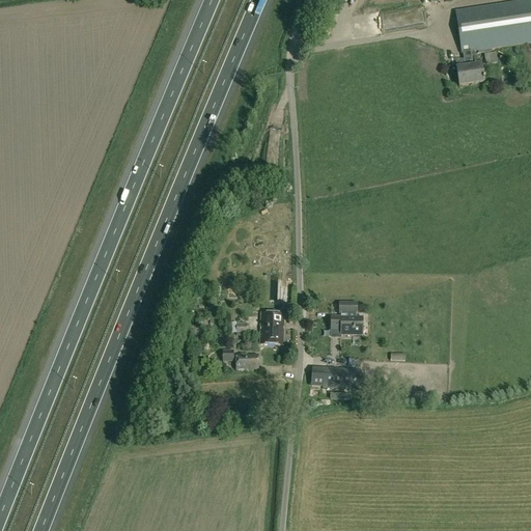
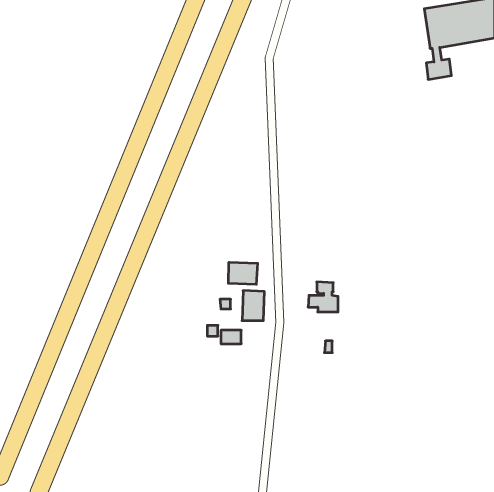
building: none -> [228,262,258,284]
building: [311,368,346,388] -> none

